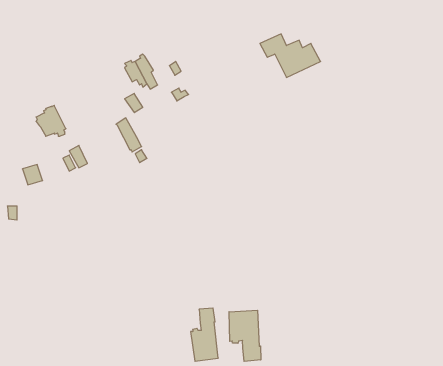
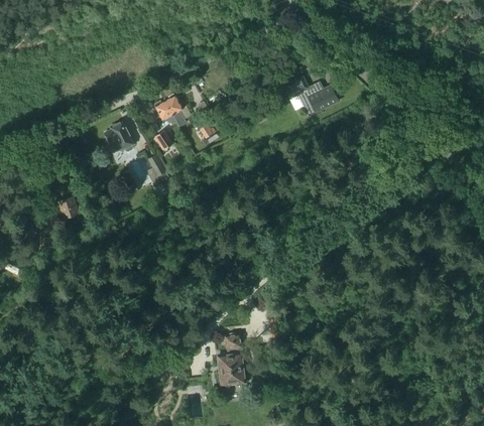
building: [36,105,66,136] -> [105,121,133,150]
building: [229,310,261,361] -> none

